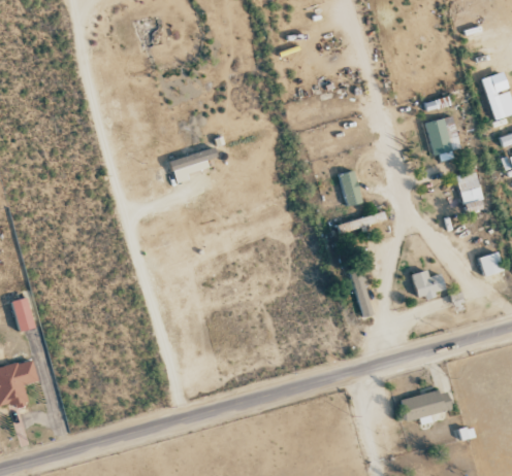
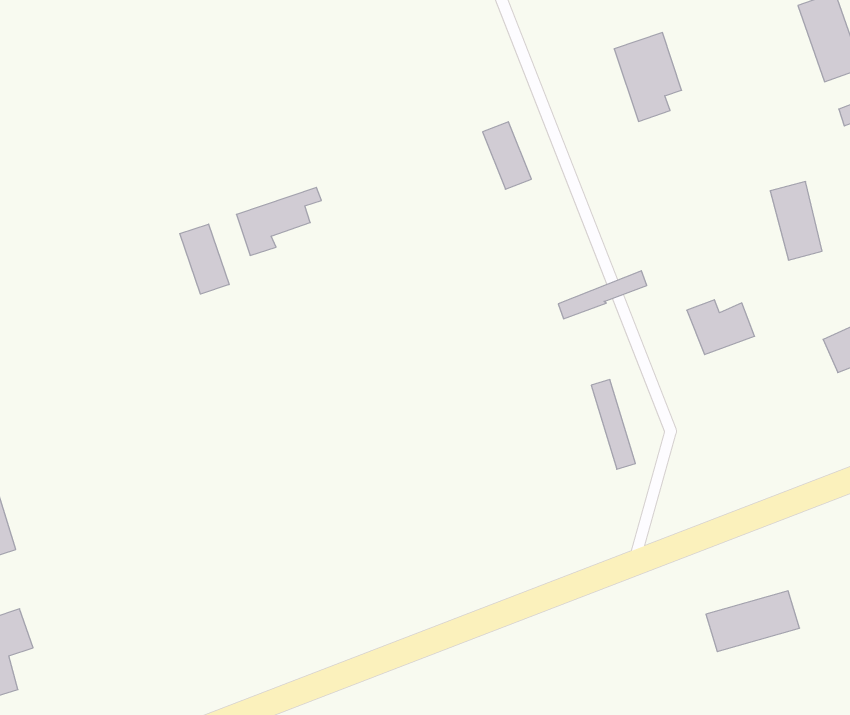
building: [425,115,459,162] -> [614,33,682,121]
building: none -> [180,224,229,294]
building: [339,170,362,206] -> [483,122,531,189]
building: [411,270,446,299] -> [687,300,755,355]

